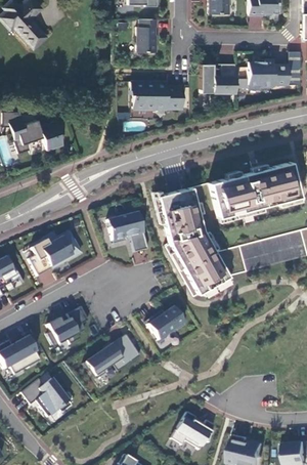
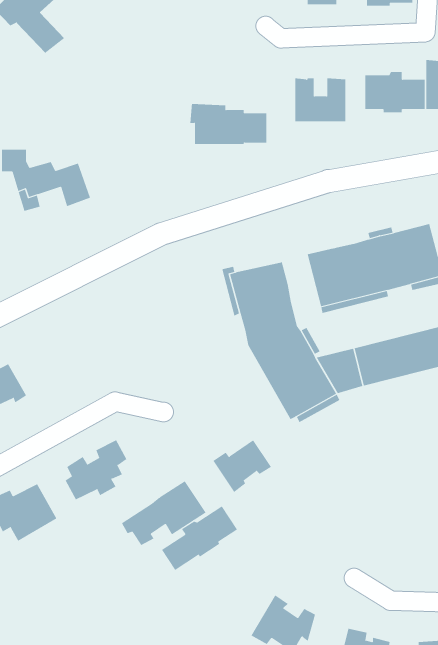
building: [138,18,159,51] -> none
building: [107,211,148,252] -> none
building: [25,231,82,276] -> none
building: none -> [161,505,238,571]
building: [21,378,73,417] -> none

